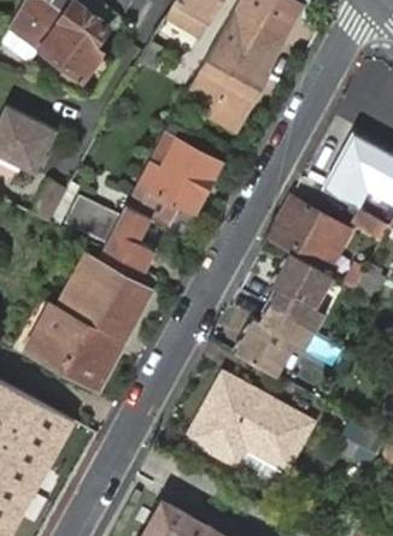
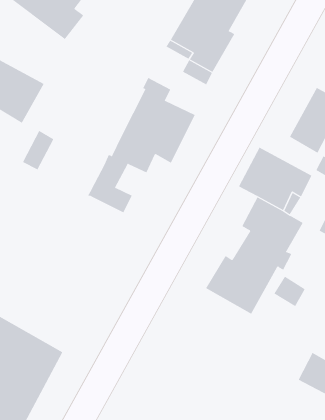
building: [64,195,121,245] -> none
building: [28,252,159,388] -> none
building: [190,377,315,481] -> none

